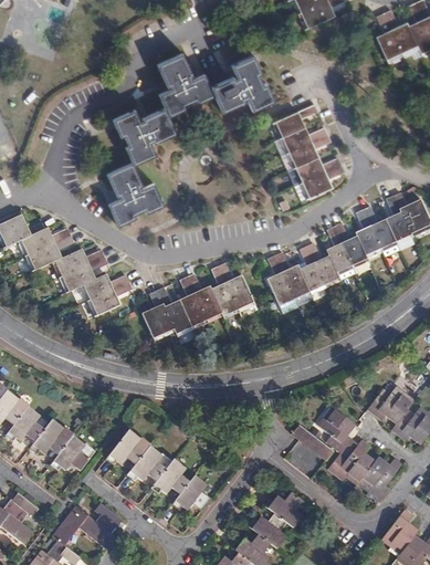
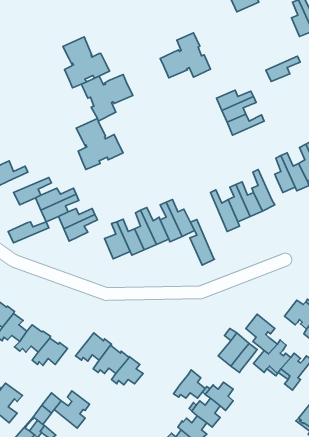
building: [157,52,216,116] -> [63,37,110,88]
building: [275,104,318,136] -> [266,56,300,82]
building: [302,165,345,197] -> none
building: [334,222,367,264] -> none
building: [21,228,72,254] -> [8,222,49,243]
building: [265,254,296,312] -> [190,219,214,265]
building: [171,475,211,511] -> [174,370,205,398]

